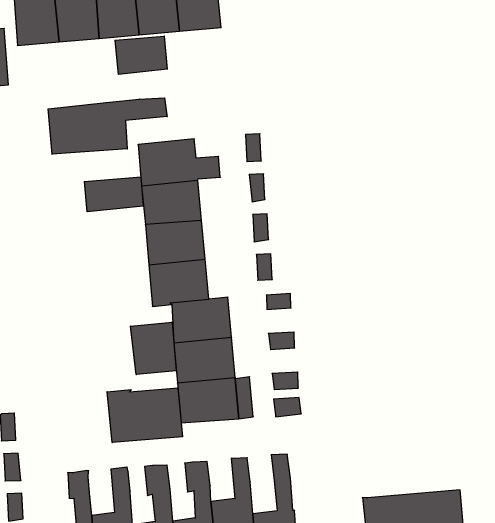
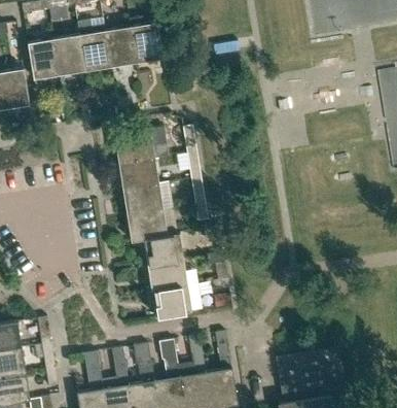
building: [115,36,167,74] -> none
building: [48,98,167,154] -> none
building: [84,177,143,212] -> none
building: [131,322,176,375] -> none
building: [107,388,182,443] -> none

